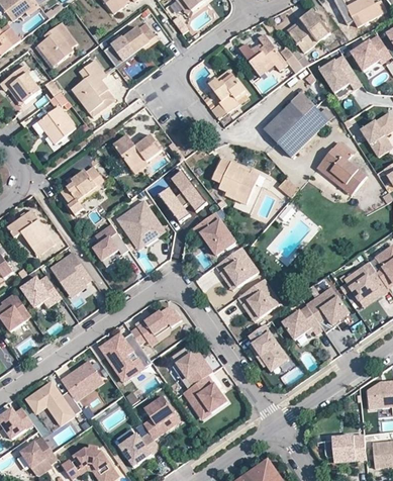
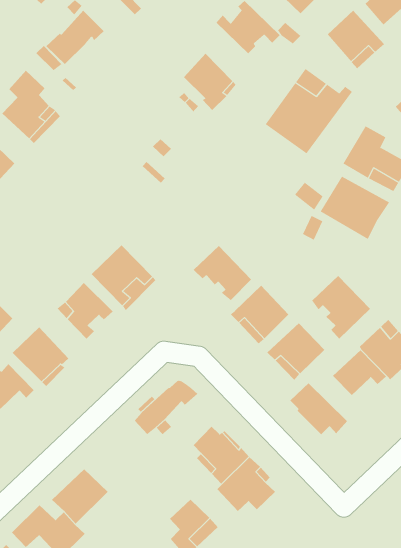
building: [113,134,162,174] -> none
building: [212,157,259,203] -> none
building: [61,166,107,214] -> none
building: [159,170,208,223] -> none
building: none -> [320,176,390,240]
building: none -> [311,275,371,340]
building: [100,332,153,379] -> none

